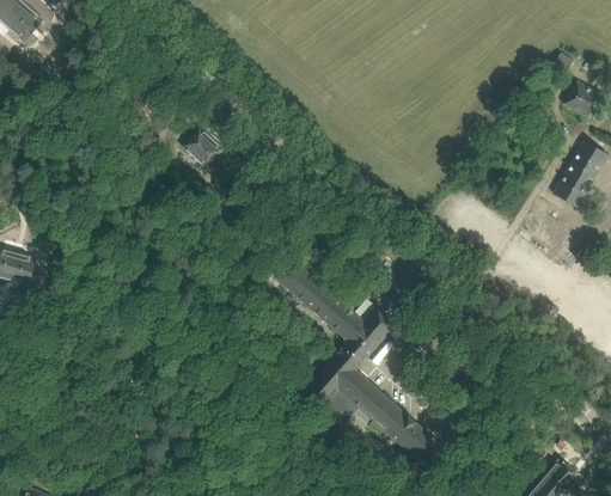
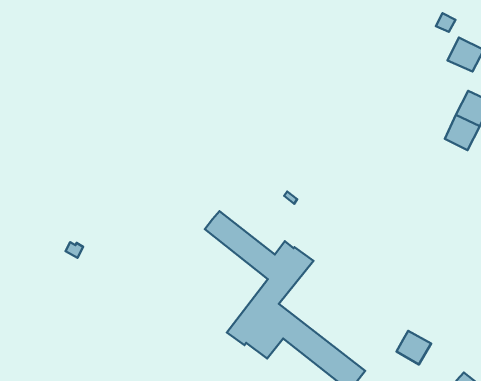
building: [183,127,222,166] -> none
building: none -> [397,331,431,365]

